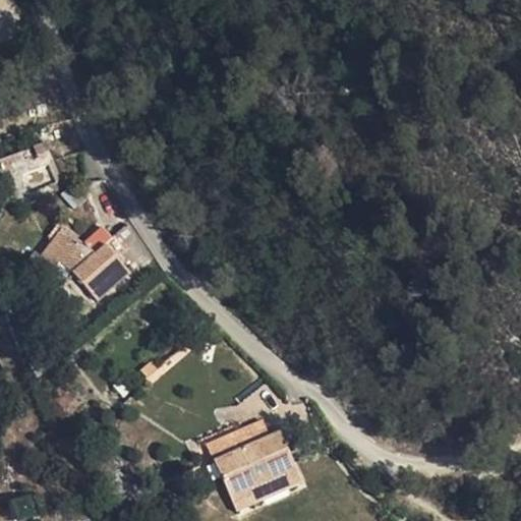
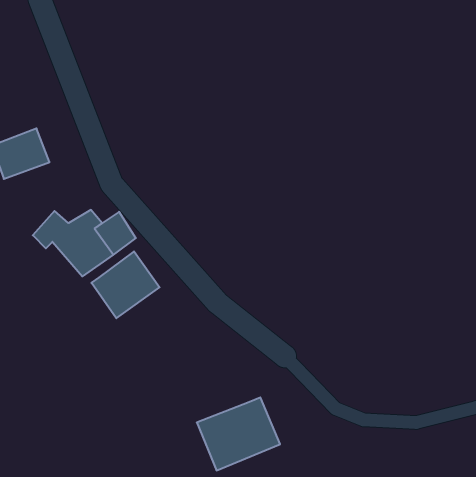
building: none -> [91,251,160,318]
building: [207,417,271,459] -> none

